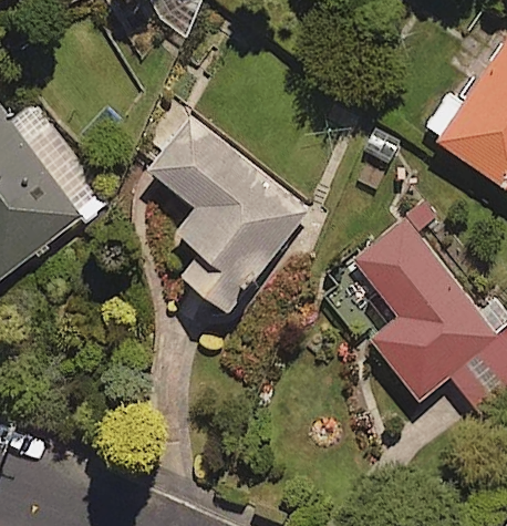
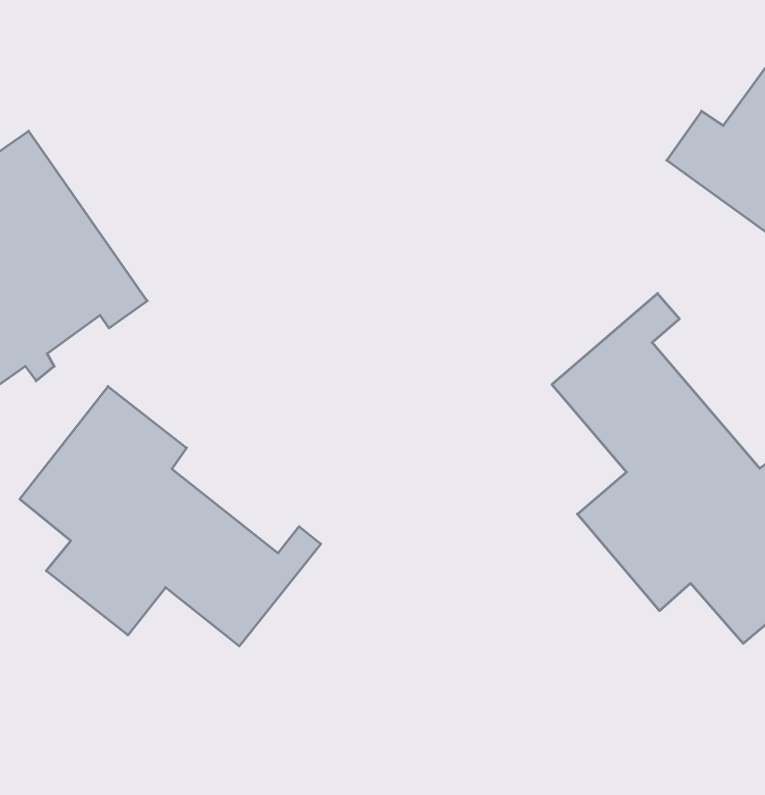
building: [144,114,306,310] -> none
building: none -> [20,386,321,646]

